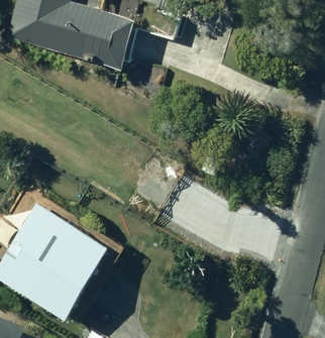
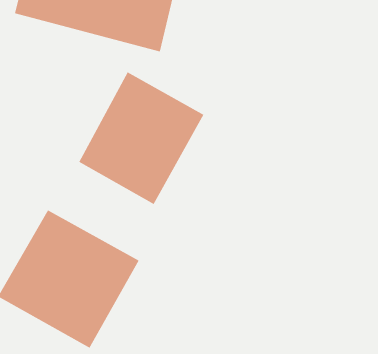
building: none -> [79,72,204,205]

